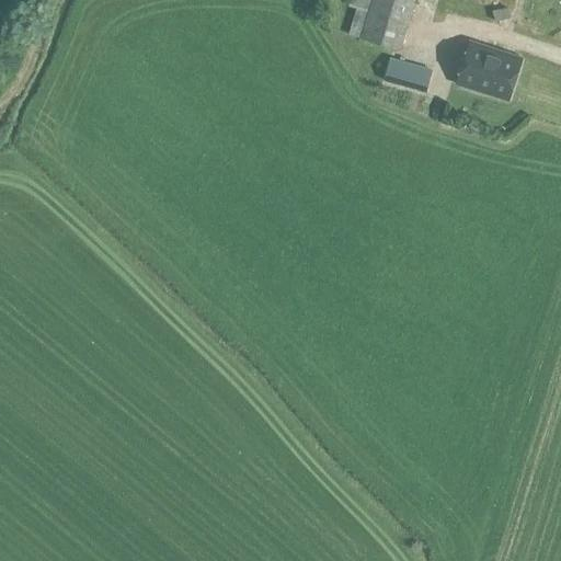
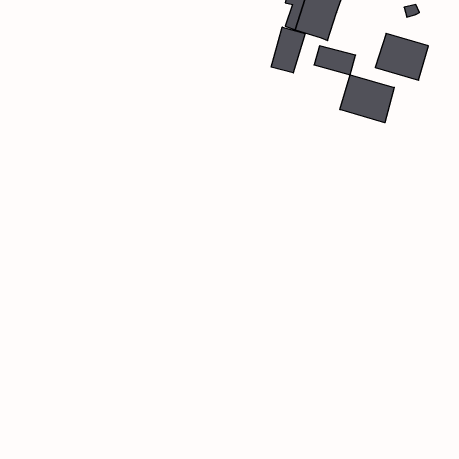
building: none -> [271,27,305,73]
building: none -> [340,75,394,123]

